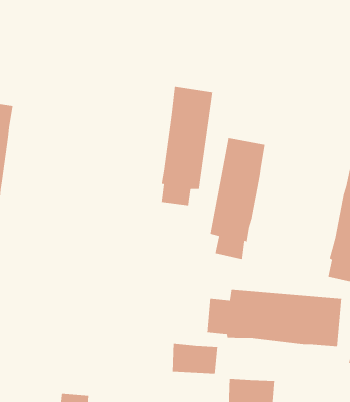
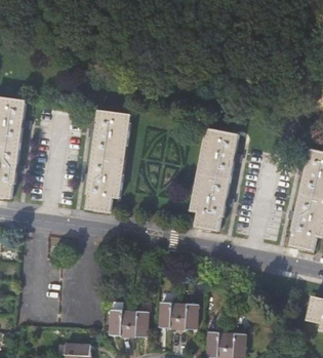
building: [161,86,213,206] -> [86,111,130,212]
building: [207,289,342,347] -> none
building: none -> [109,310,148,336]

